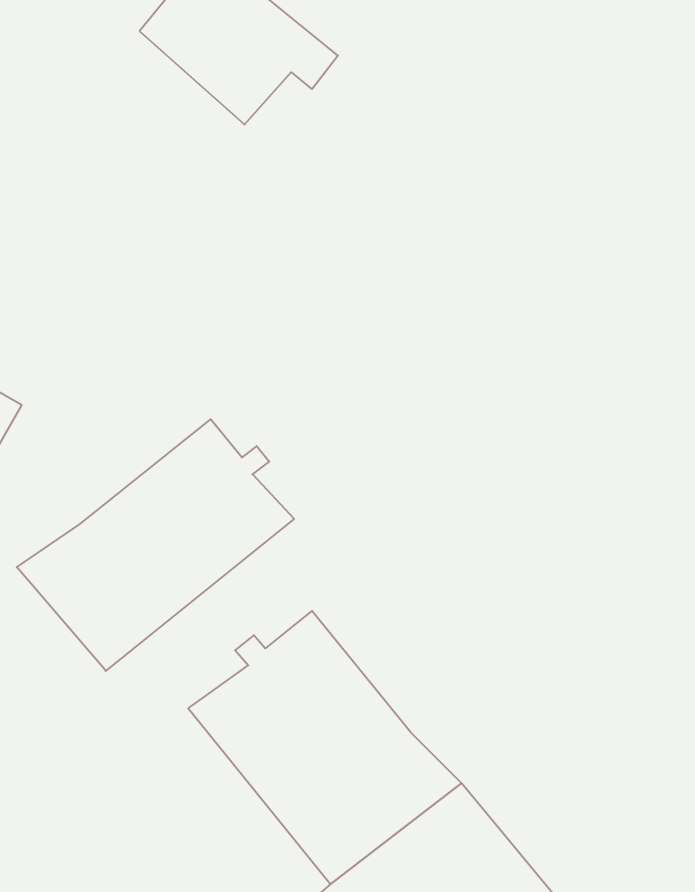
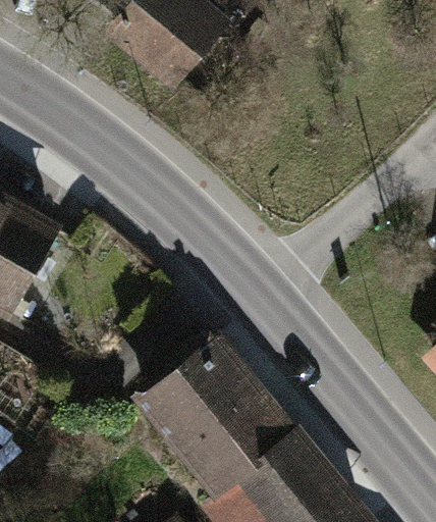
building: [17,419,294,671] -> none

